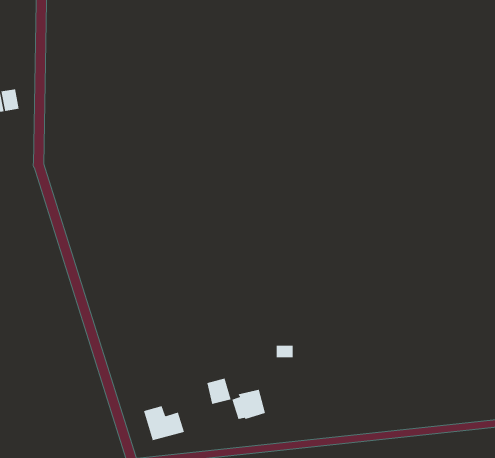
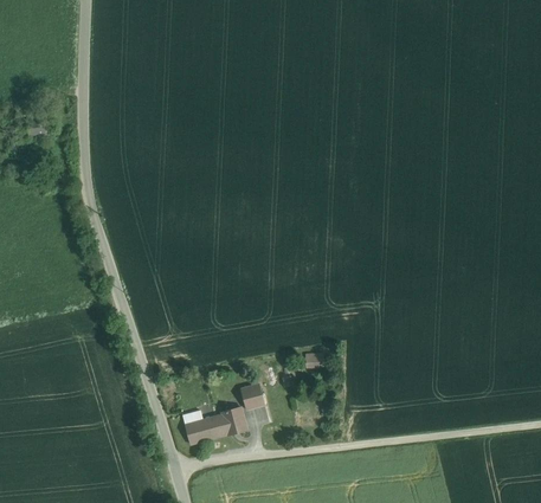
building: [232,389,266,420] -> [214,407,246,436]

